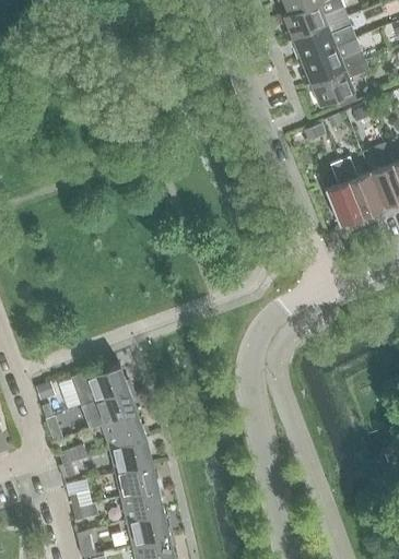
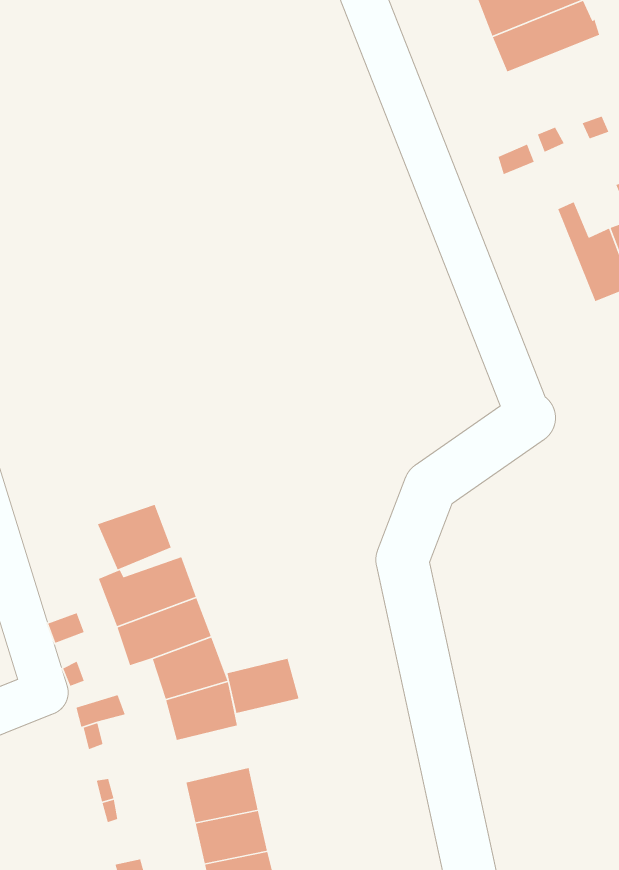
building: [309,59,368,106] -> none
building: [324,160,361,224] -> none
building: none -> [97,504,172,570]
building: [116,463,159,496] -> [227,658,299,714]

